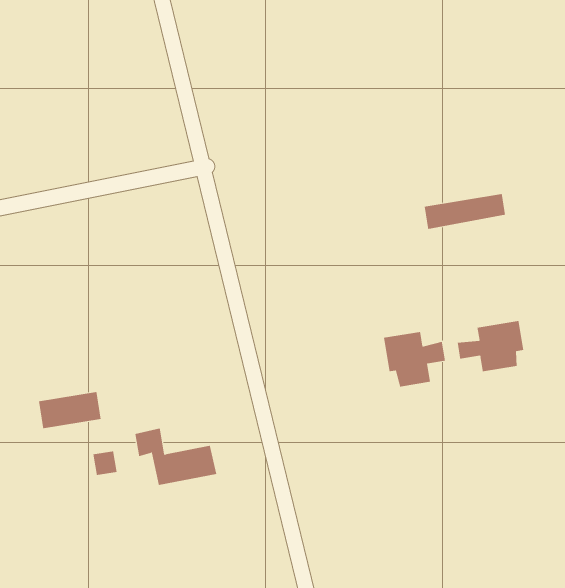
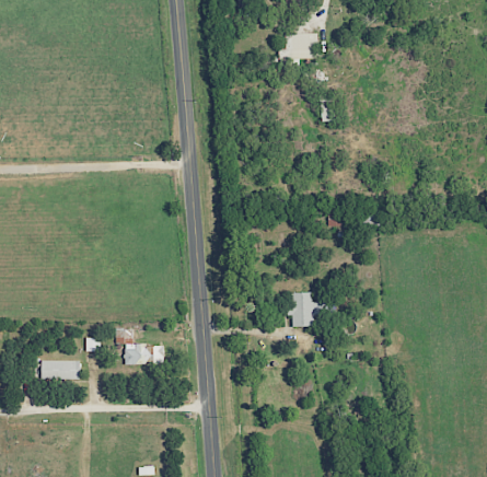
building: [457,320,524,372] -> none
building: [38,391,102,429] -> [39,360,79,379]

